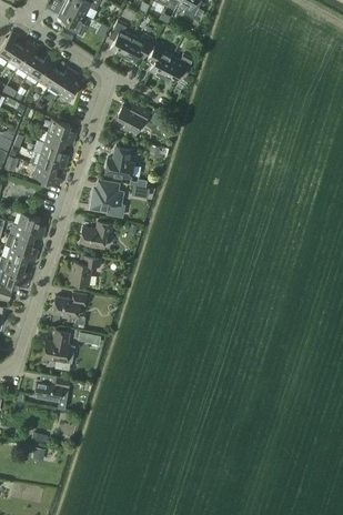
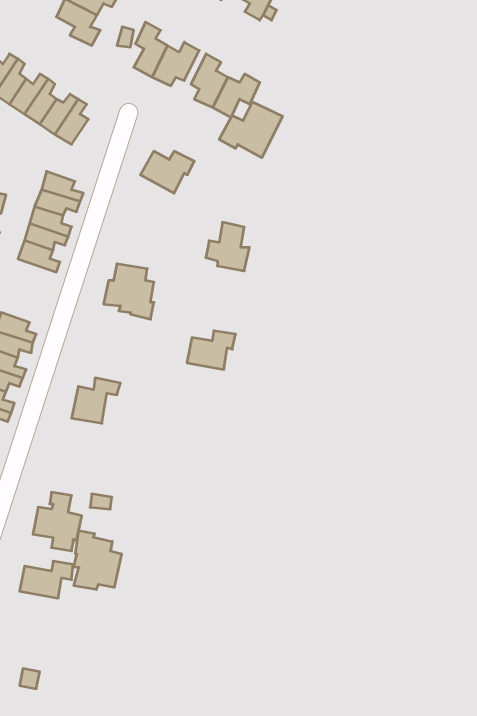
building: none -> [219,102,283,158]
building: [105,145,134,178] -> [206,222,249,271]
building: [80,222,112,248] -> [187,331,236,369]
building: [52,292,87,317] -> none
building: none -> [74,531,121,590]

